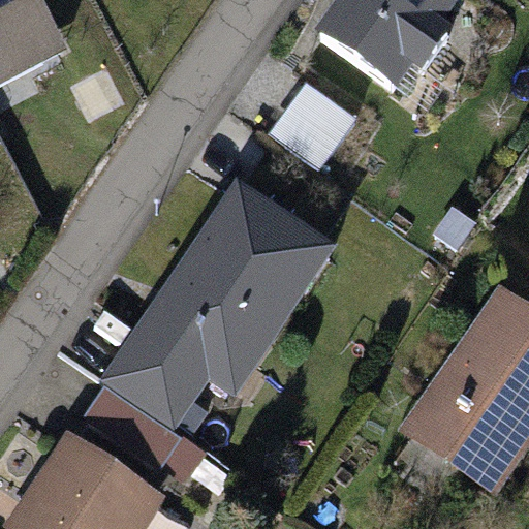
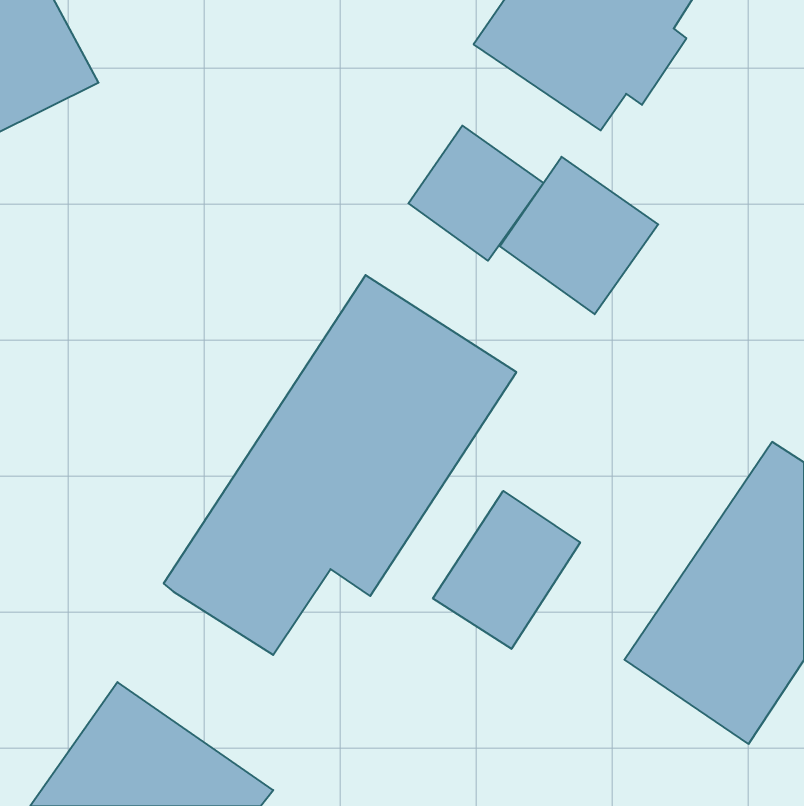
building: none -> [500,157,658,314]
building: none -> [433,491,580,649]
building: [90,384,206,479] -> none

